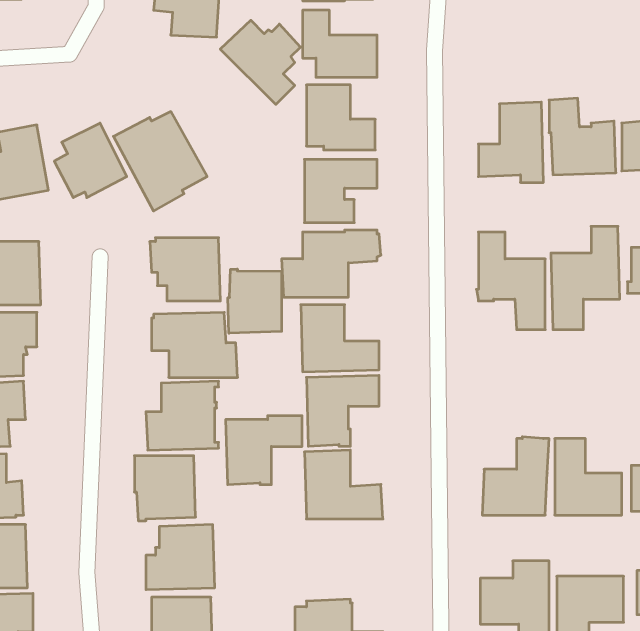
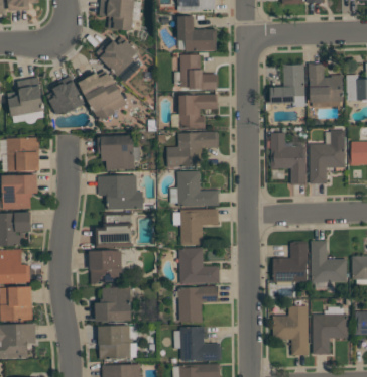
building: [220,20,301,104] -> [95,38,137,83]
building: [228,269,282,333] -> none
building: [226,416,302,485] -> [177,286,218,323]

